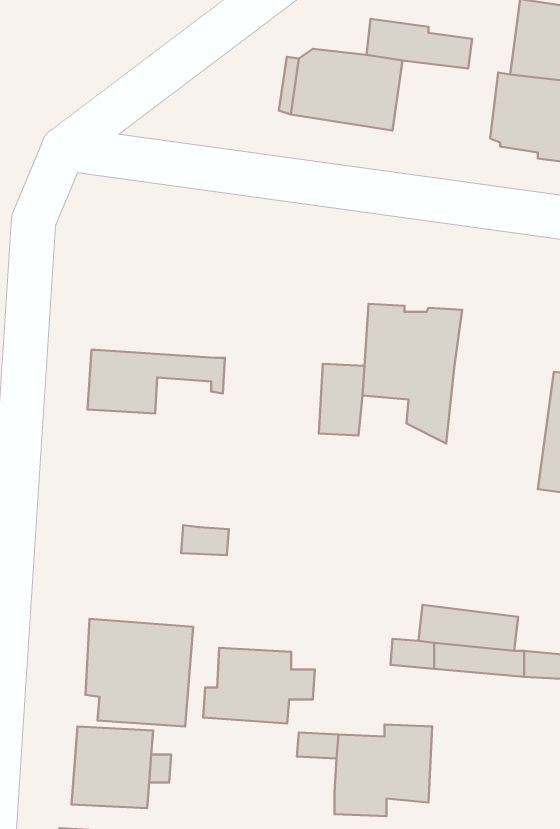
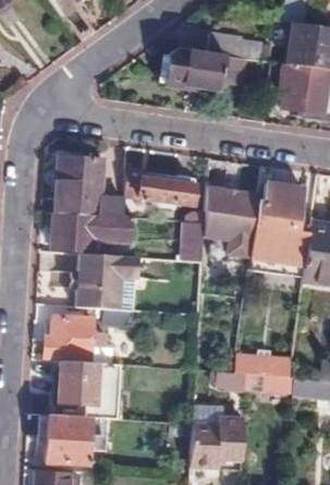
building: none -> [60,160,126,217]
building: none -> [126,166,196,206]
building: none -> [252,184,306,269]
building: none -> [72,252,120,308]
building: [203,648,315,723] -> [46,317,107,359]

